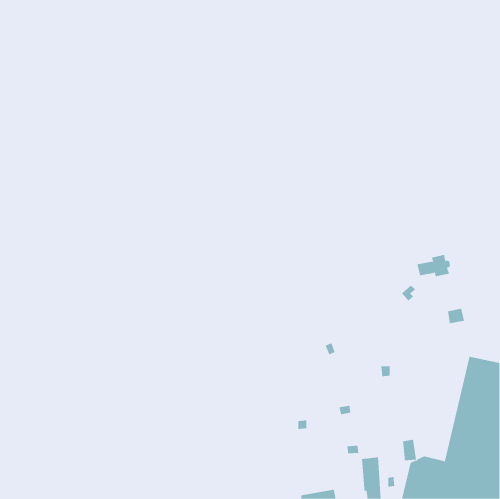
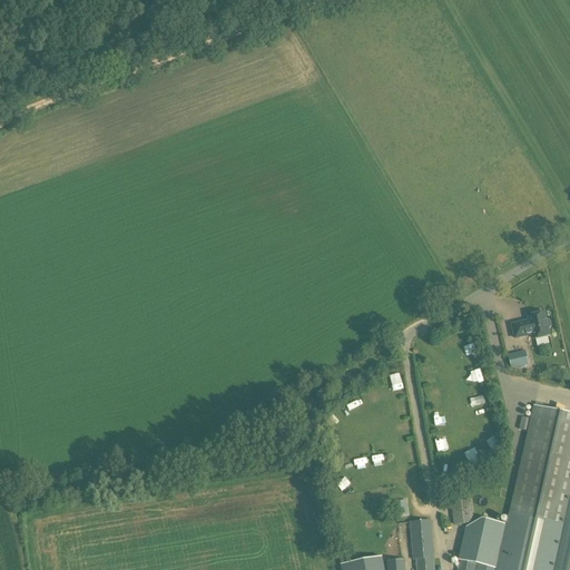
building: [417,254,451,277] -> [512,313,551,338]

